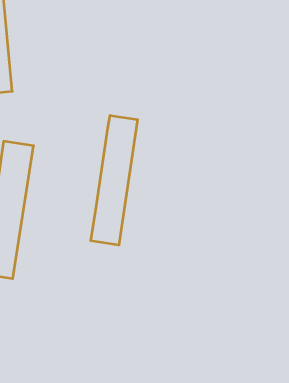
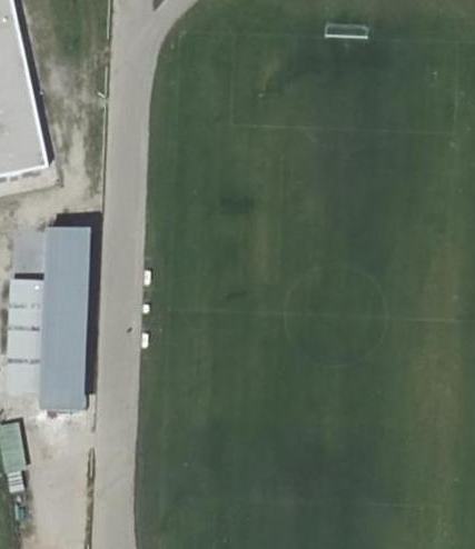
building: [91,115,138,245] -> none

